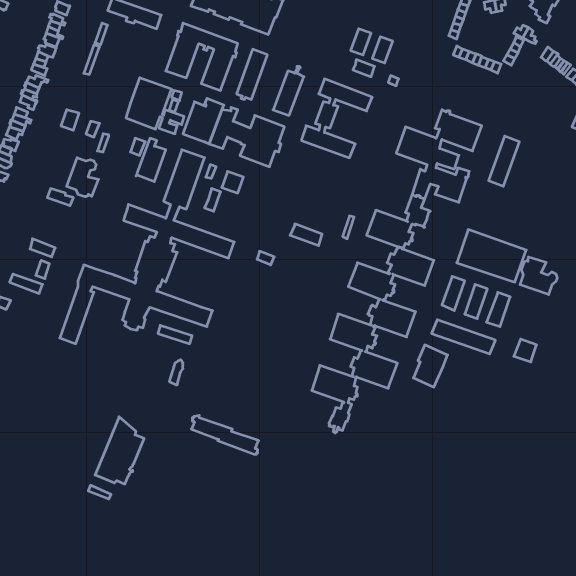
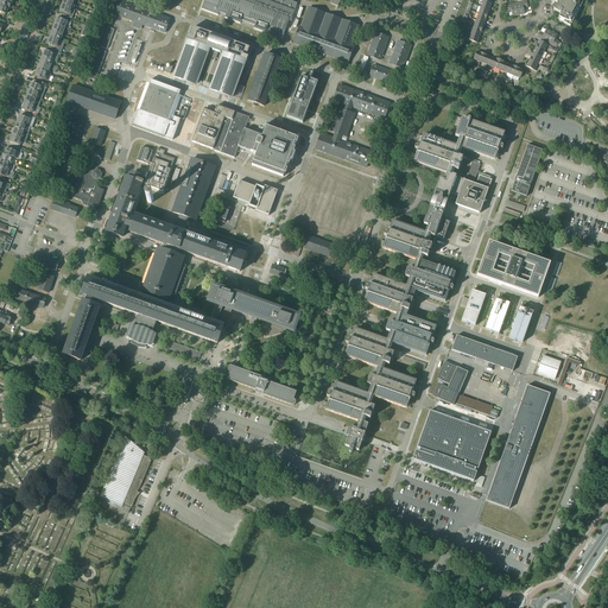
building: none -> [293,6,359,61]
building: none -> [68,84,121,118]
building: none -> [107,171,145,235]
building: none -> [248,183,278,214]
building: [520,257,557,295] -> none
building: none -> [209,281,302,335]
building: none -> [486,384,551,507]
building: none -> [412,408,492,480]
building: [191,415,259,454] -> [227,363,297,404]

